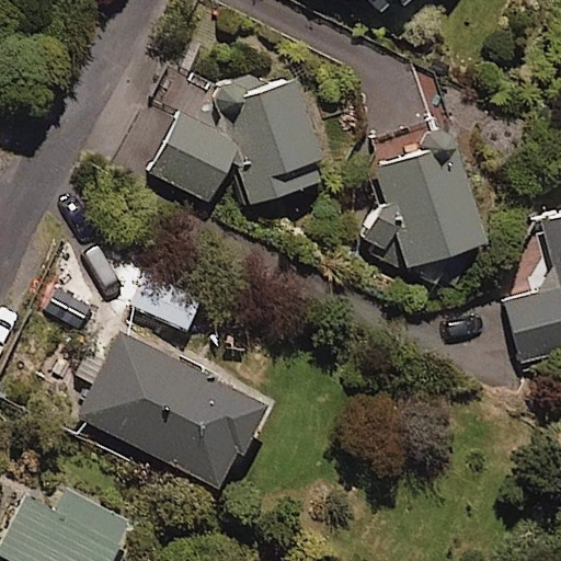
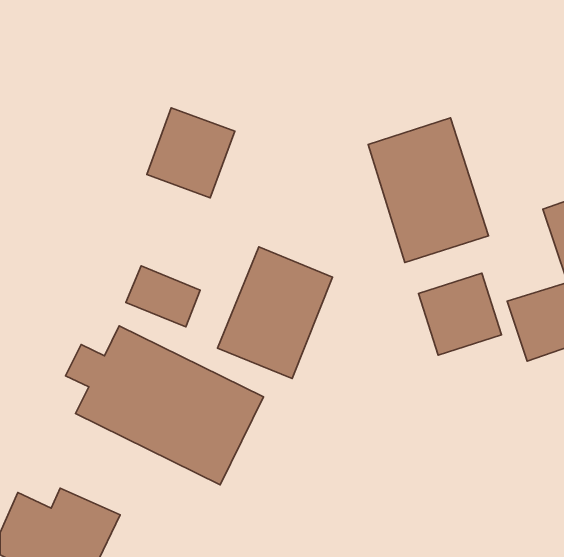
building: [230,77,324,210] -> none
building: none -> [218,247,332,378]
building: none -> [418,273,501,355]

